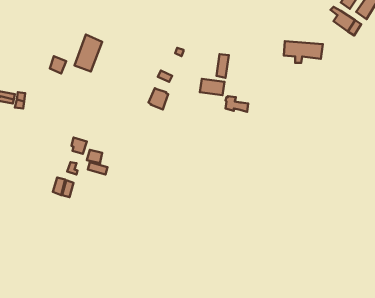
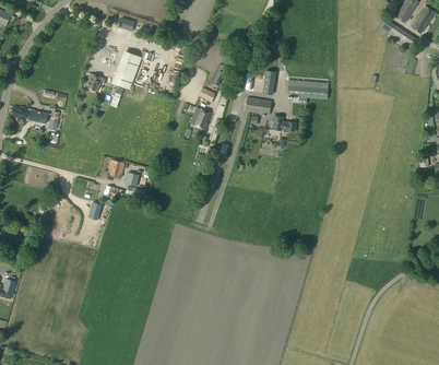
building: [284,41,323,63] -> [287,80,329,103]

